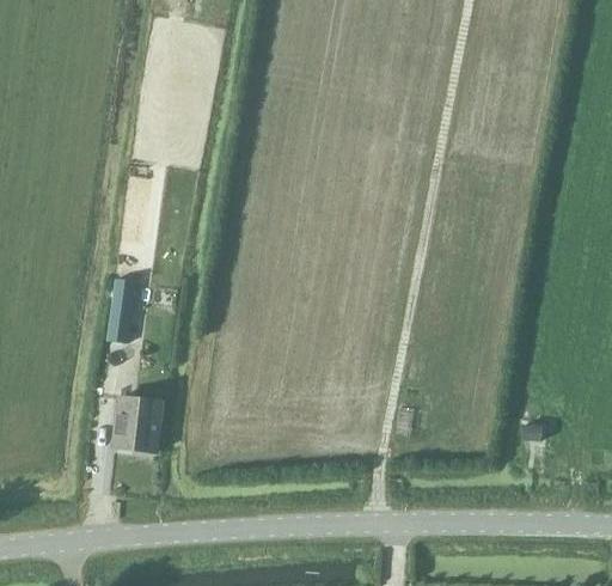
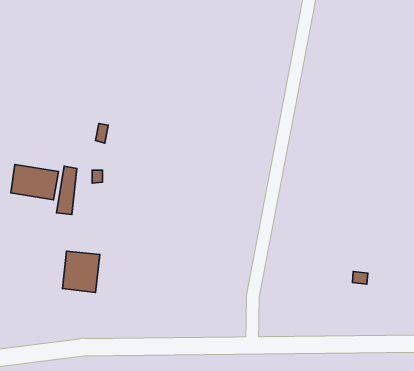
building: none -> [11,164,58,200]

